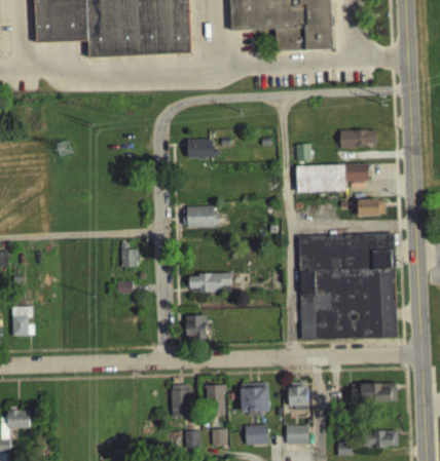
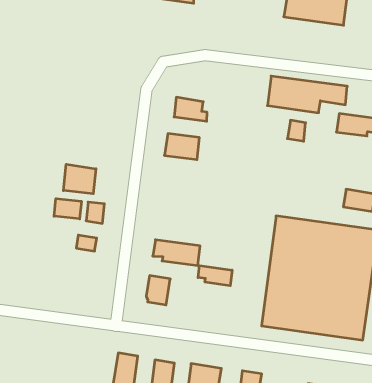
building: [296,163,369,193] -> [267,76,347,113]
building: [187,205,218,227] -> [164,134,199,160]
building: none -> [63,164,96,194]
building: none -> [54,199,81,219]
building: none -> [198,266,232,286]

